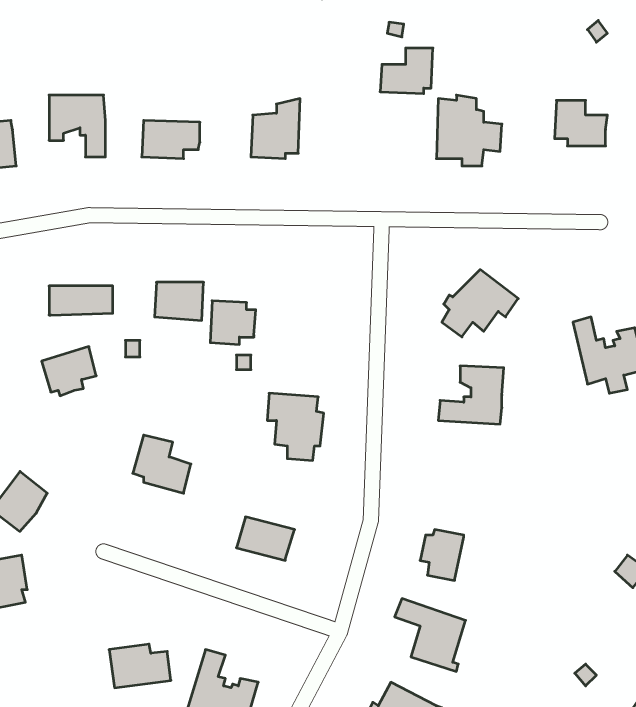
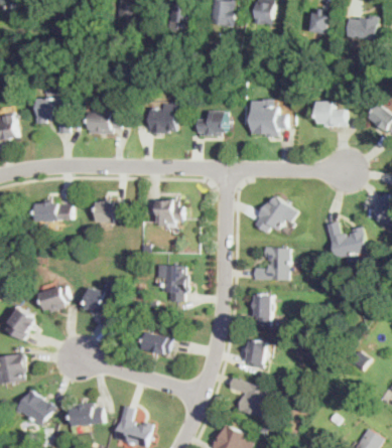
building: [380,48,433,94] -> [197,111,226,136]
building: [210,301,256,344] -> [157,200,182,225]
building: [42,347,96,396] -> [39,285,70,312]
building: none -> [248,294,271,327]
building: none -> [15,390,54,426]

